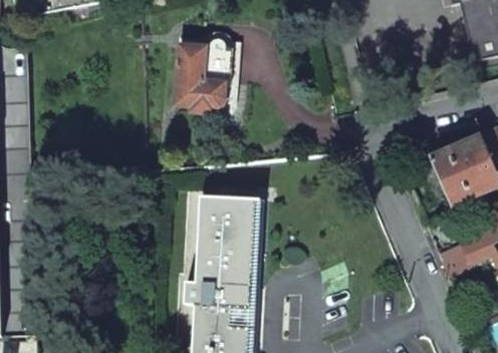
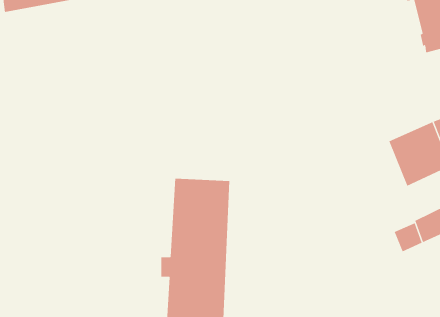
building: [173,36,231,110] -> none

